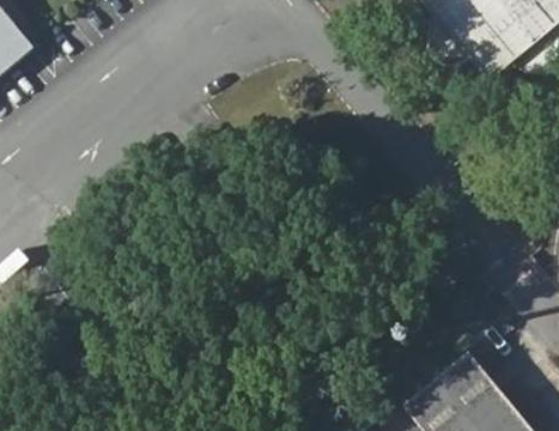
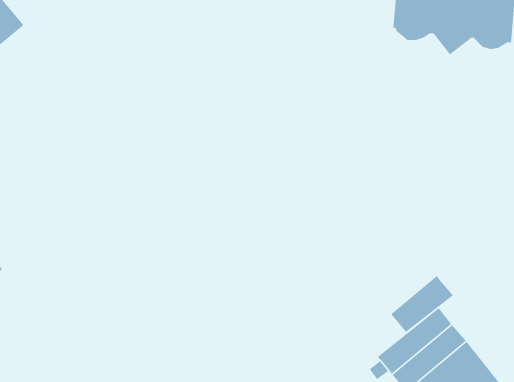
building: none -> [390,275,454,333]

